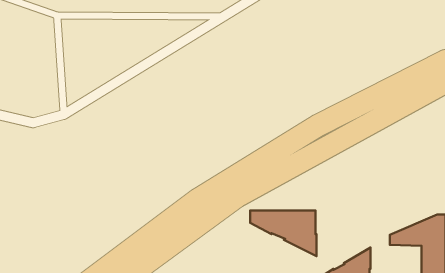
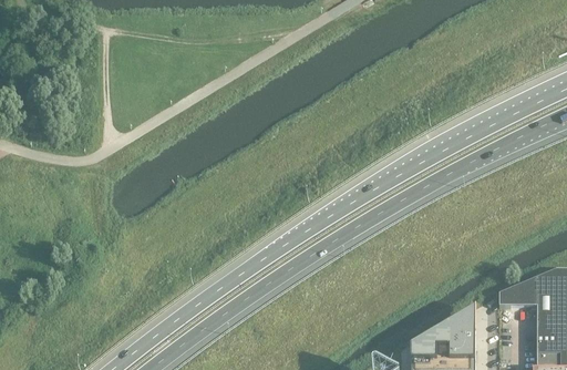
building: [250,211,317,256] -> none

